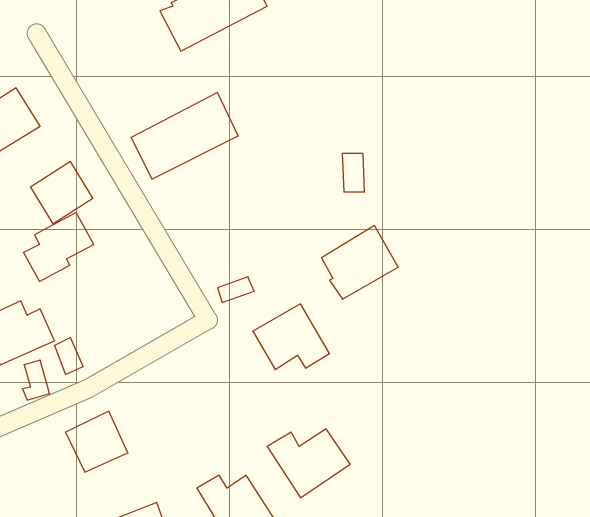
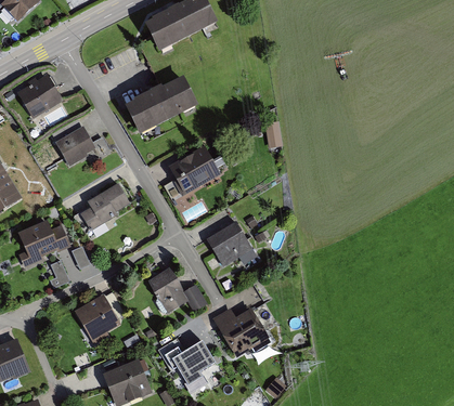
building: [23,212,94,281] -> [81,184,129,231]
building: [322,226,398,299] -> [165,146,217,196]
building: none -> [150,269,203,310]

